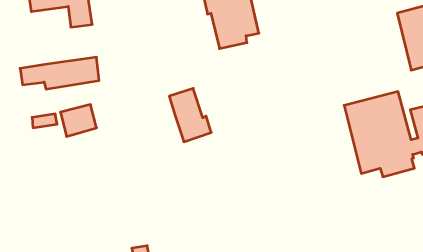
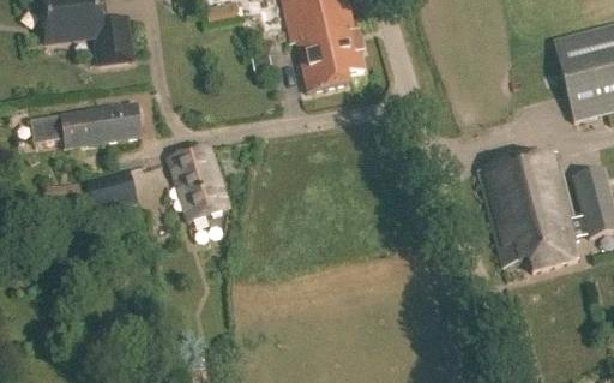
building: [169,88,211,142] -> [168,145,227,220]

